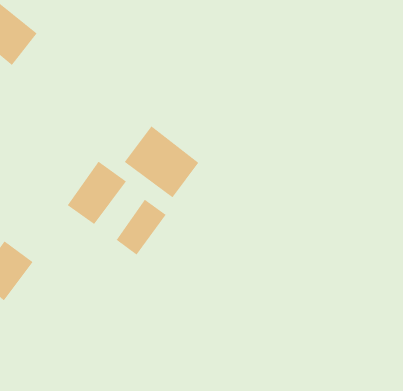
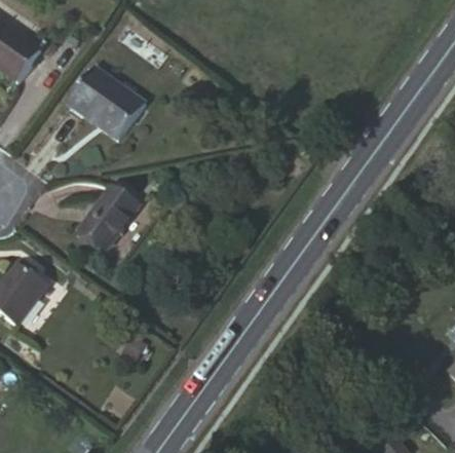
building: [124,125,199,198] -> [68,64,147,140]
building: [116,199,167,256] -> none

